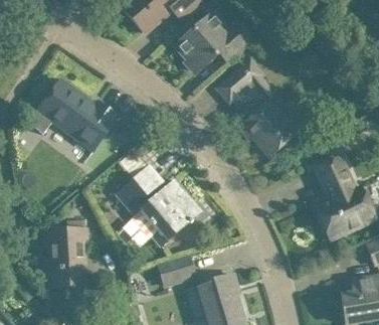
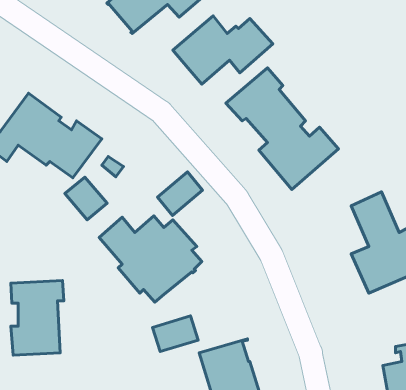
building: none -> [157,172,203,216]
building: none -> [65,177,107,220]

